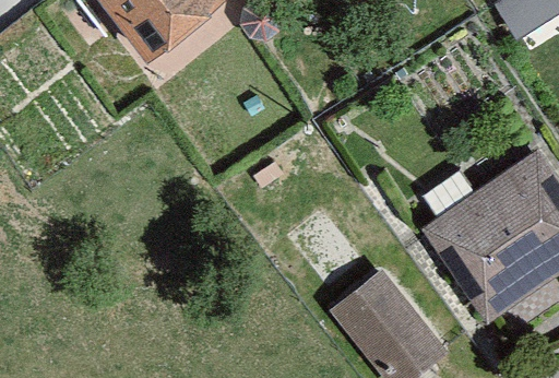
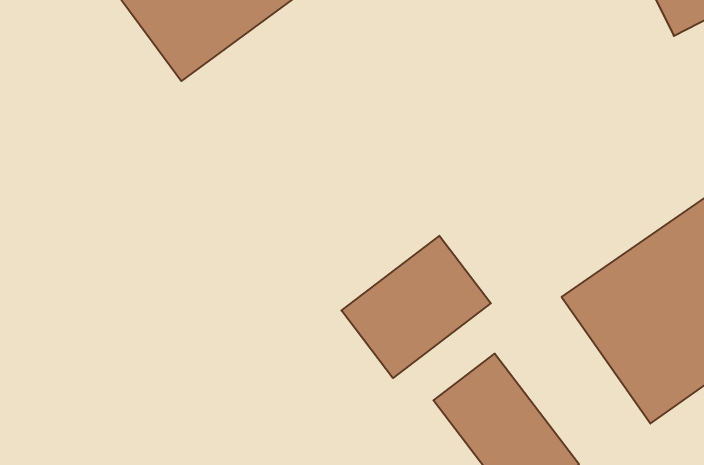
building: none -> [341,236,491,378]

